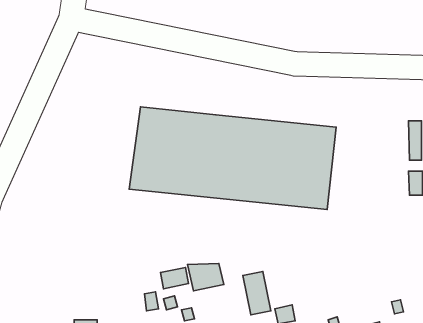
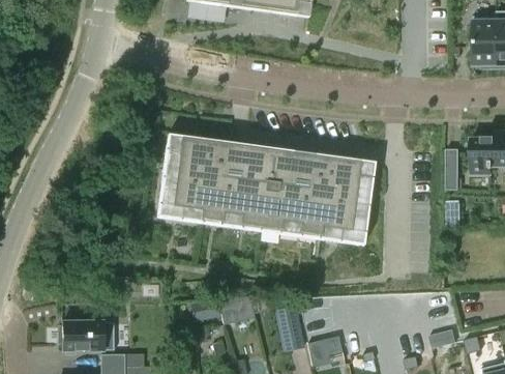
building: none -> [59,320,115,350]

